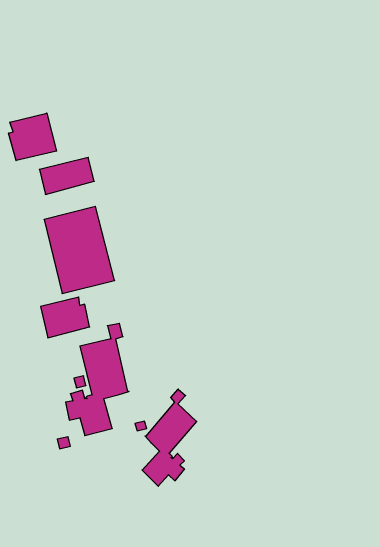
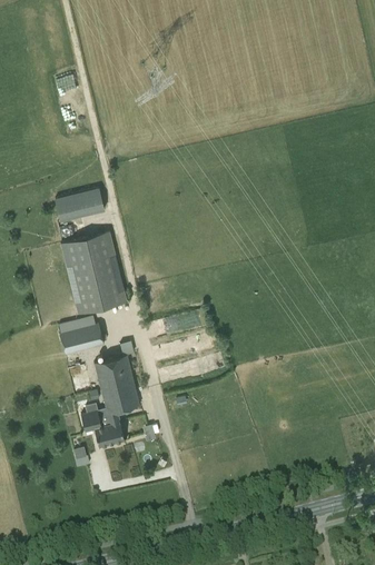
building: [9,113,57,161] -> none
building: [142,389,197,486] -> none

